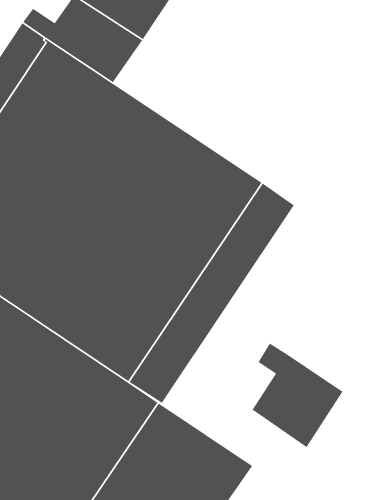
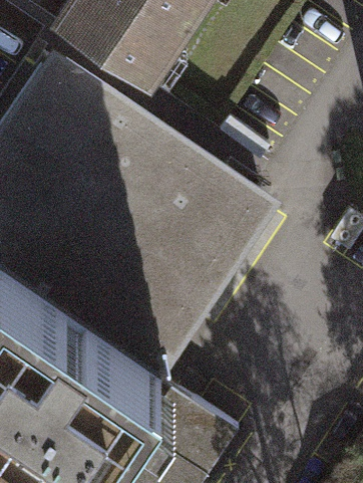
building: [251,342,344,448] -> none

